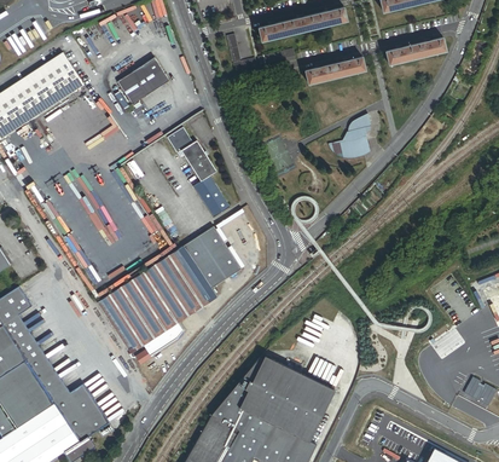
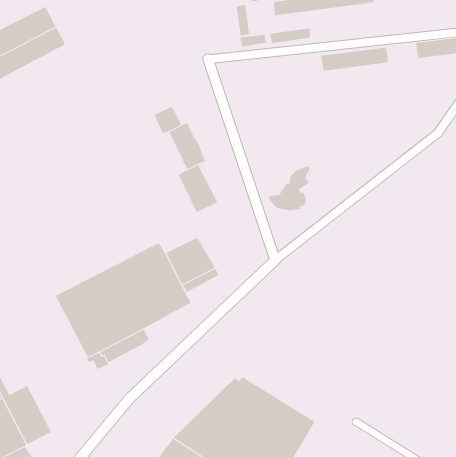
building: [117,57,169,104] -> none
building: [333,114,369,155] -> [268,165,310,211]

